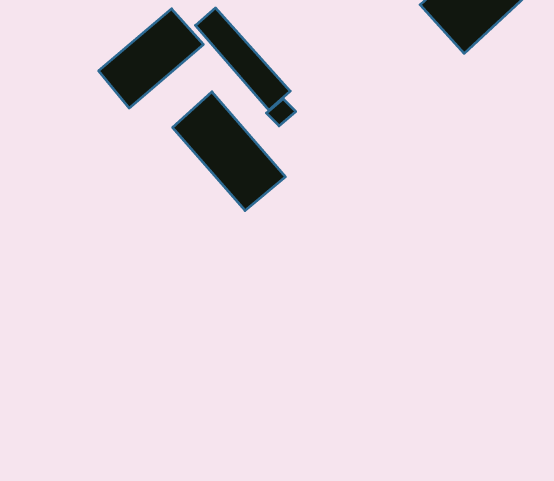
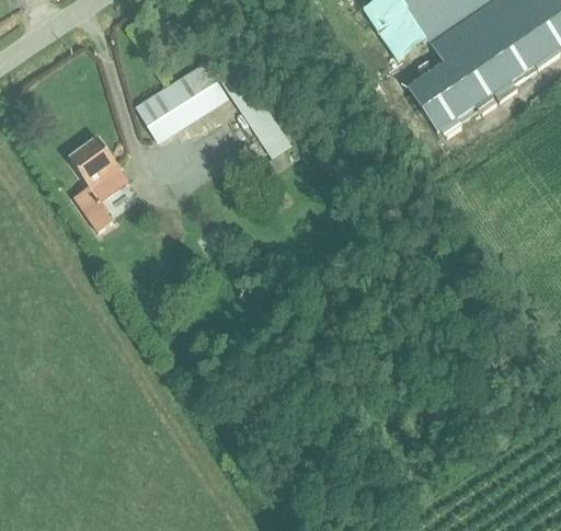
building: [173,92,285,211] -> none
building: none -> [70,139,129,233]

